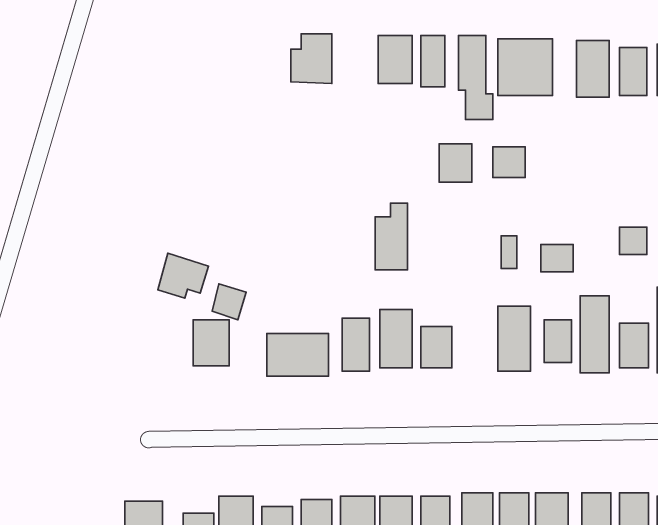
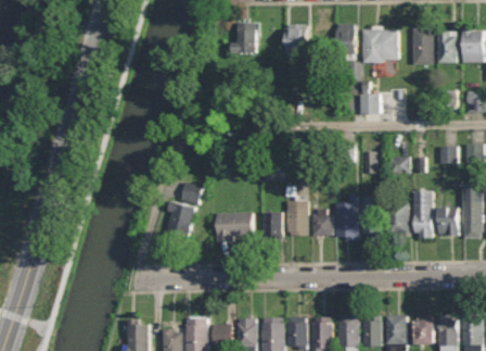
building: [439,144,472,182] -> none
building: [375,203,408,270] -> [337,196,358,238]
building: [158,253,209,298] -> none

